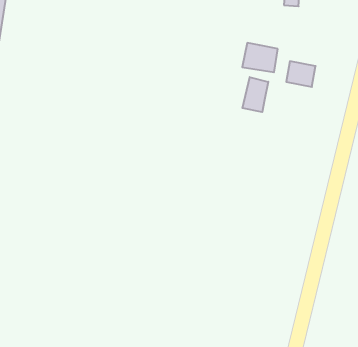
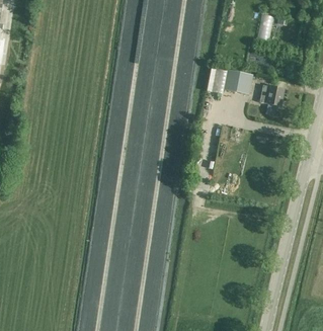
building: [242,77,268,112] -> none

